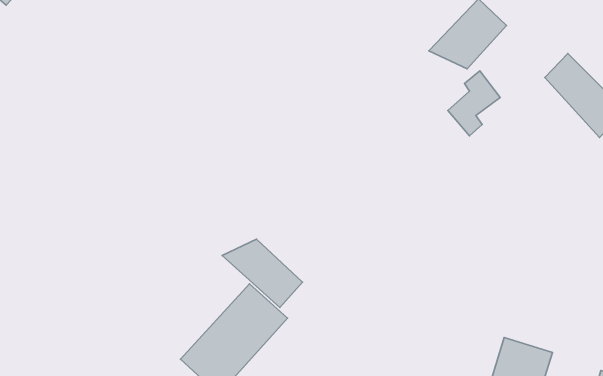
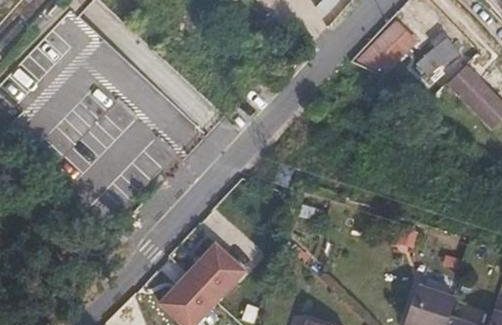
building: [448,71,500,136] -> [415,30,456,81]
building: [222,239,303,307] -> none

